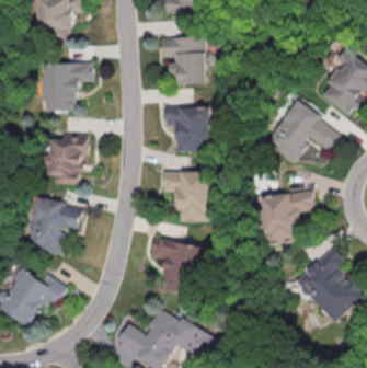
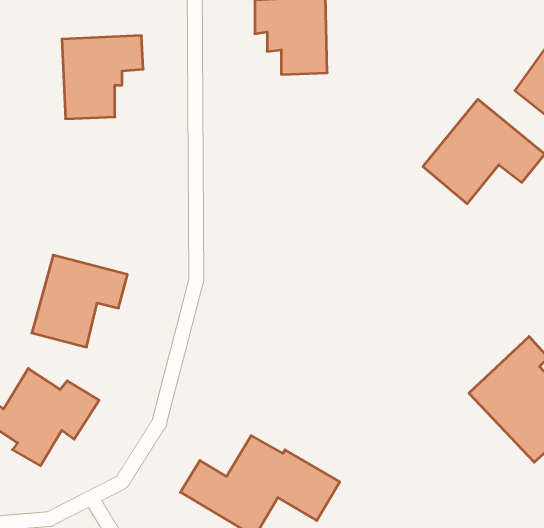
building: [164,105,218,152] -> none
building: [46,134,87,184] -> none
building: [161,171,210,222] -> none
building: [261,189,313,244] -> none
building: [148,235,203,295] -> none

